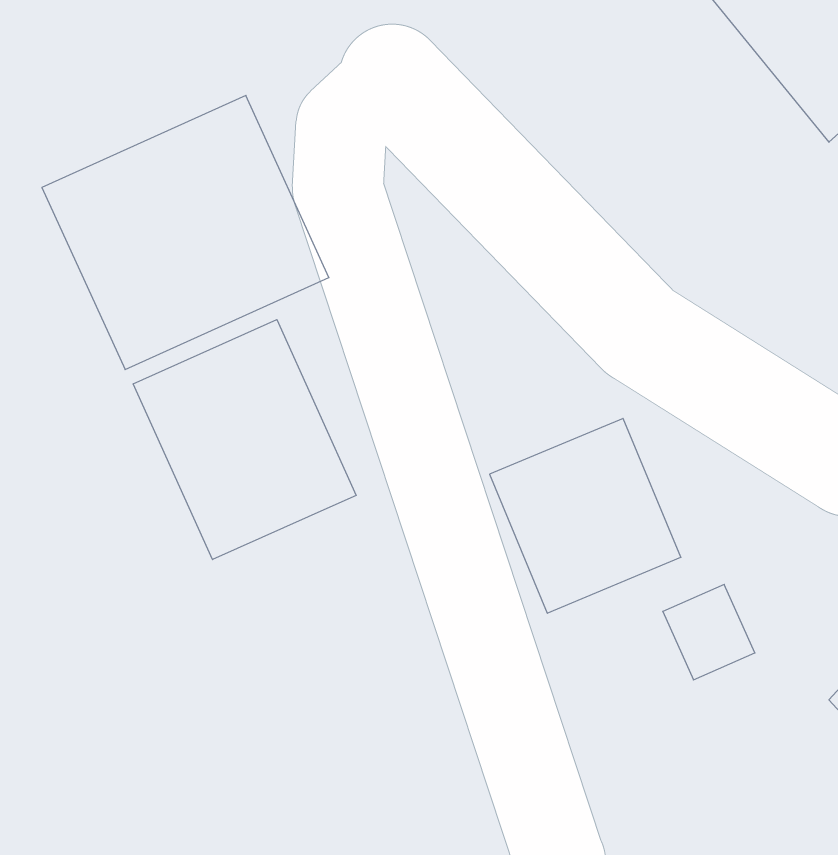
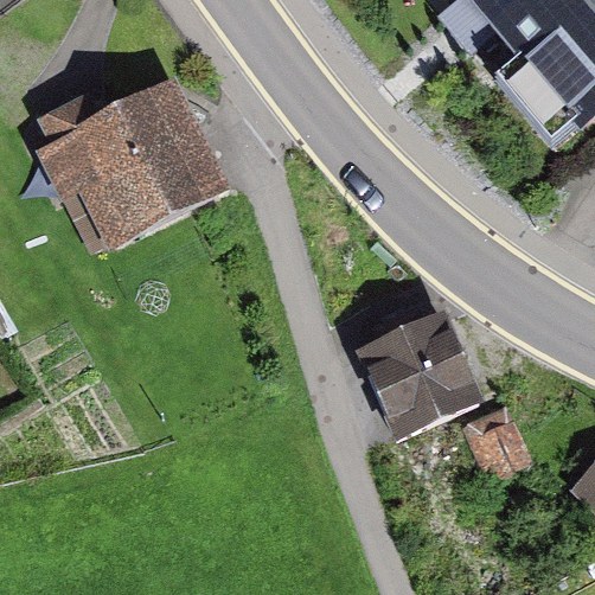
building: [133,320,356,560] -> none

